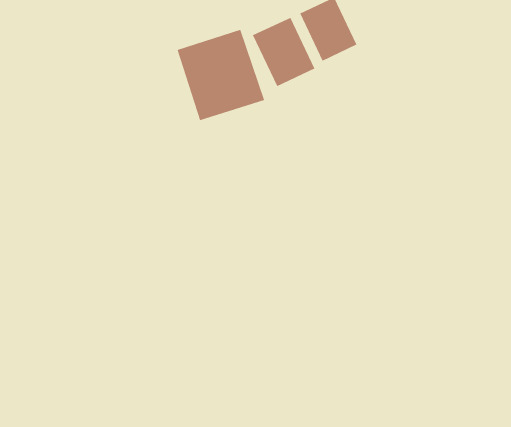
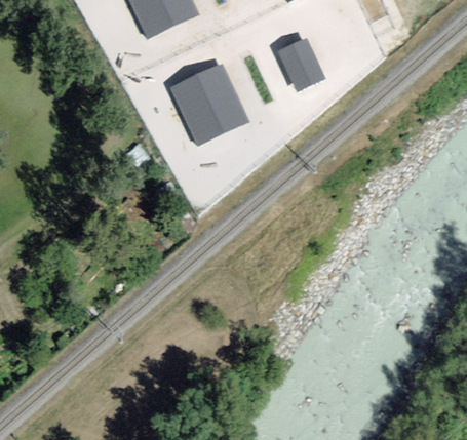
building: [252,17,316,87] -> none

